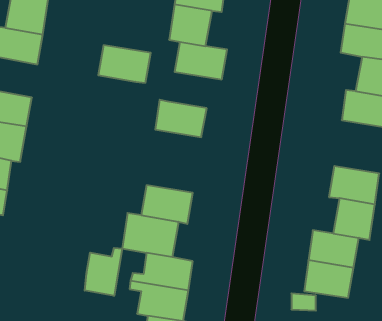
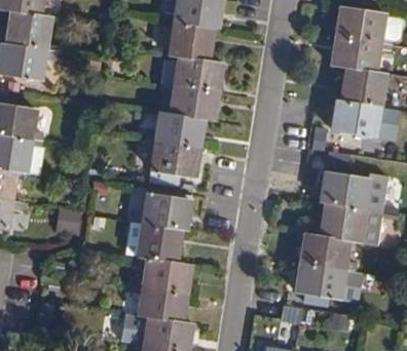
building: [98,45,151,83] -> [169,83,219,119]
building: none -> [151,139,199,174]
building: [85,248,122,296] -> none

